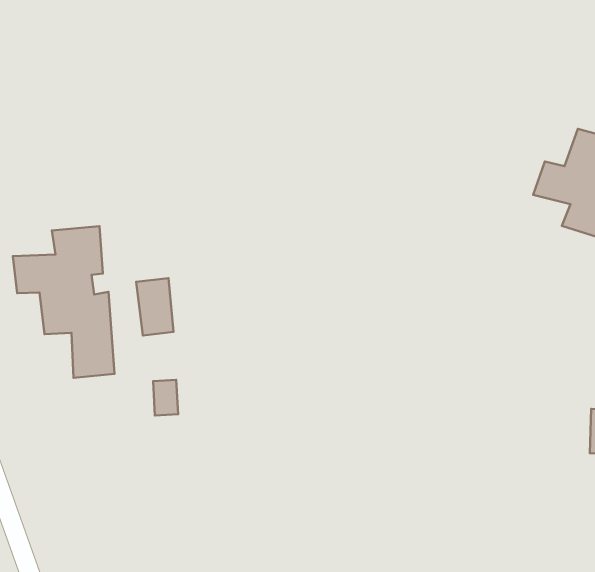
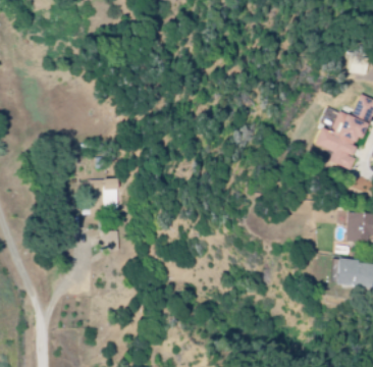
building: [13,226,115,378] -> none

